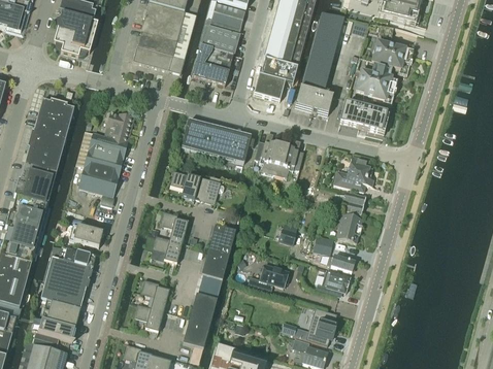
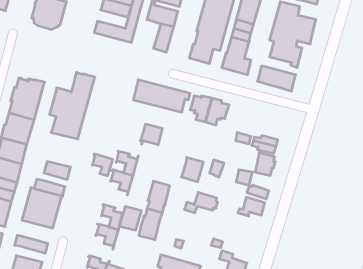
building: [136,32,175,56] -> none
building: [191,44,217,80] -> none
building: [36,99,73,124] -> none
building: [333,157,371,192] -> none
building: [171,170,197,198] -> [92,154,113,176]
building: [207,225,235,256] -> [181,157,203,182]
building: [39,300,79,329] -> none
building: [304,308,335,345] -> none
building: [182,318,209,348] -> [119,207,141,230]

